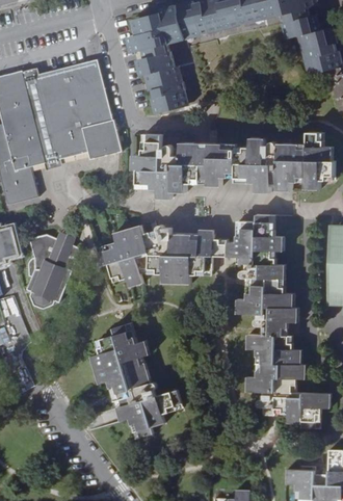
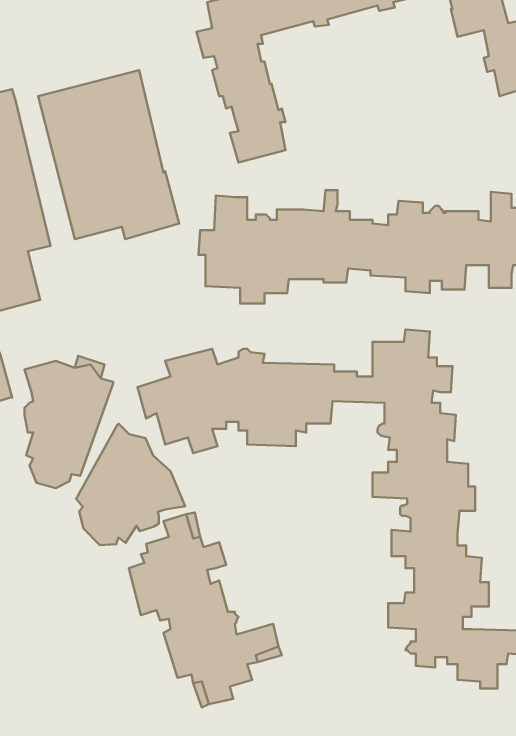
building: [24,74,59,163] -> none
building: none -> [76,424,185,545]

